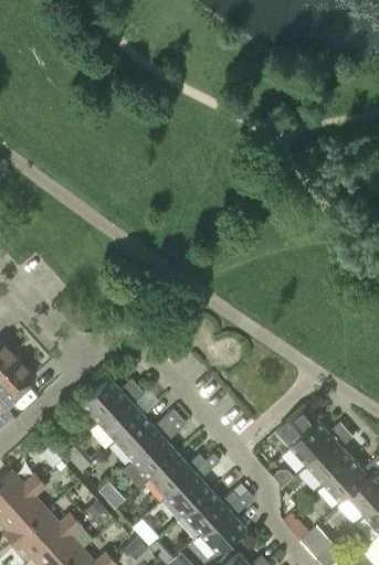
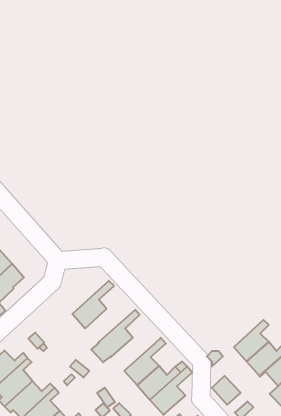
building: [81,373,146,424] -> none
building: [277,407,347,467] -> none
building: [115,411,180,461] -> none
building: [148,455,206,498] -> none

